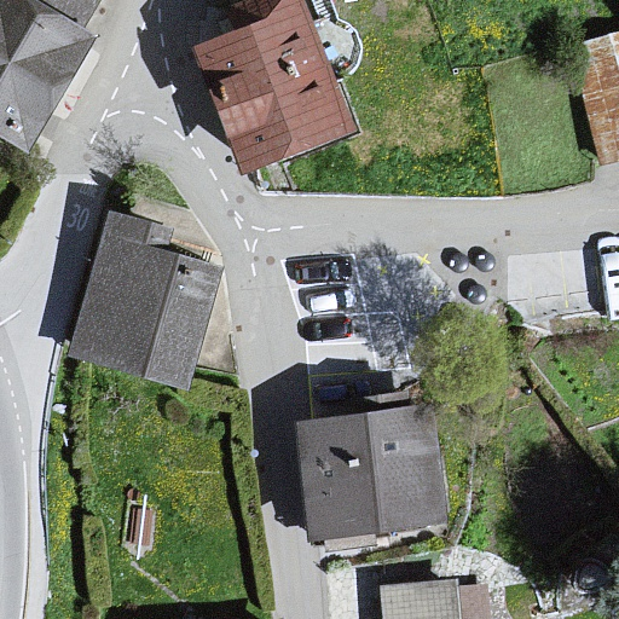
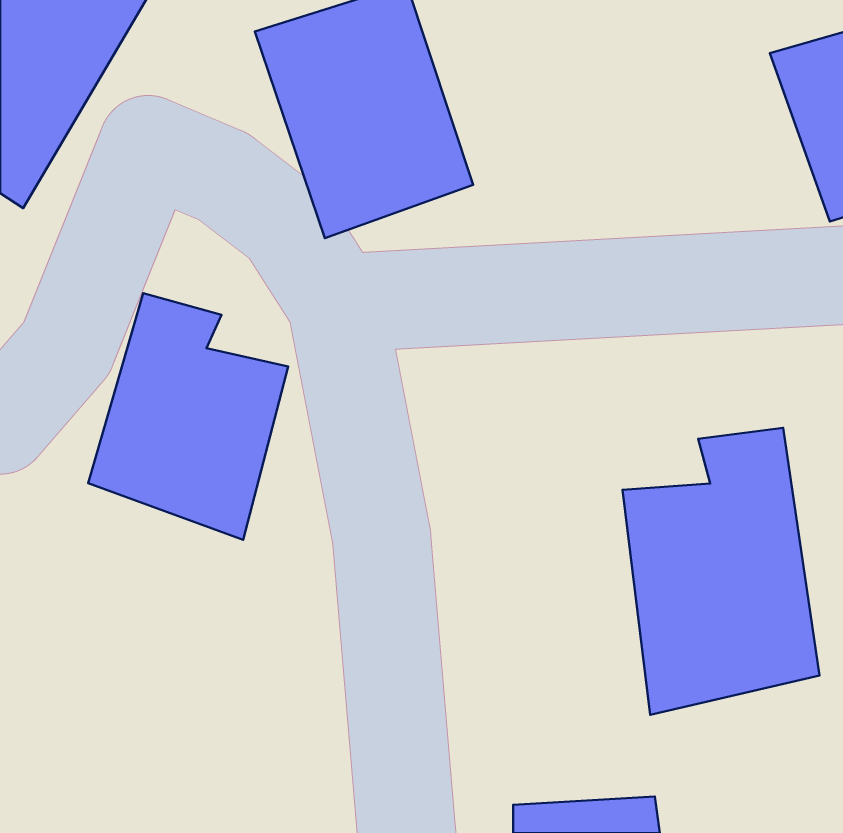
building: none -> [622,428,819,715]
building: [294,410,445,542] -> none

